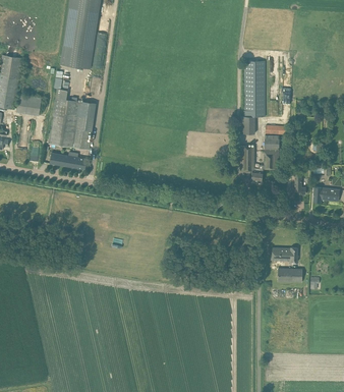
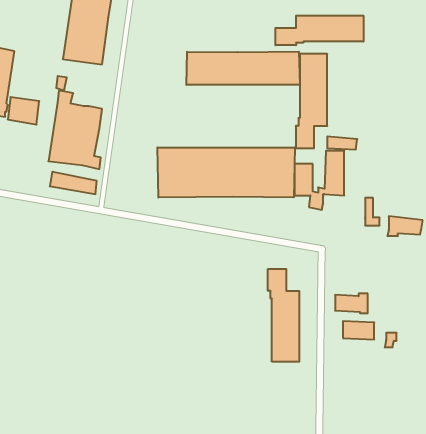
building: none -> [275,16,363,45]
building: none -> [186,52,300,85]
building: none -> [157,147,295,198]
building: none -> [268,269,299,362]

